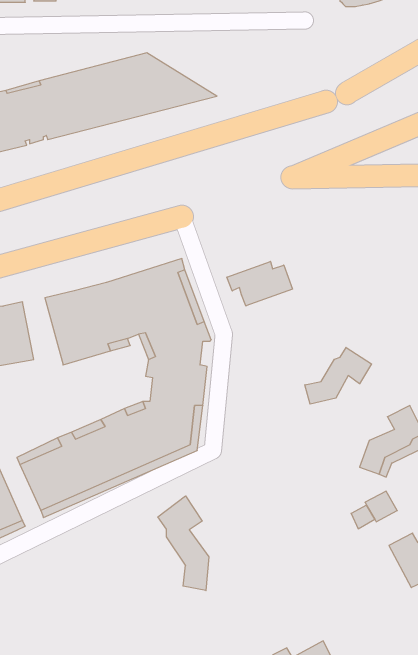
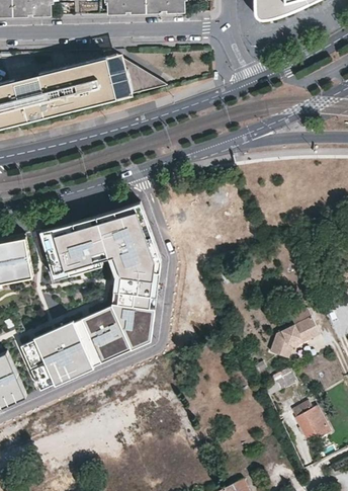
building: [227,261,292,306] -> none
building: [305,347,372,404] -> none
building: [158,496,209,591] -> none

